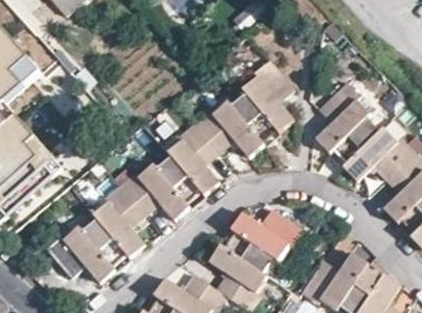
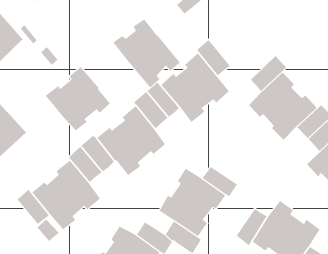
building: none -> [113,19,180,88]
building: none -> [45,66,110,131]

